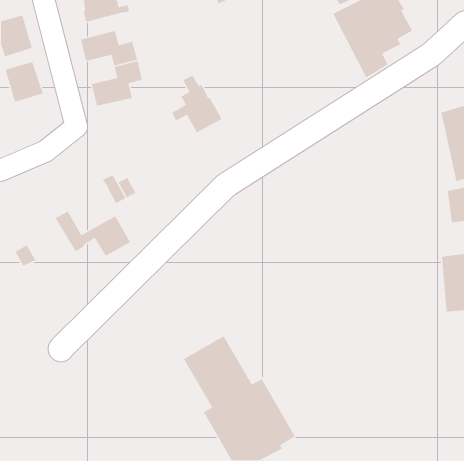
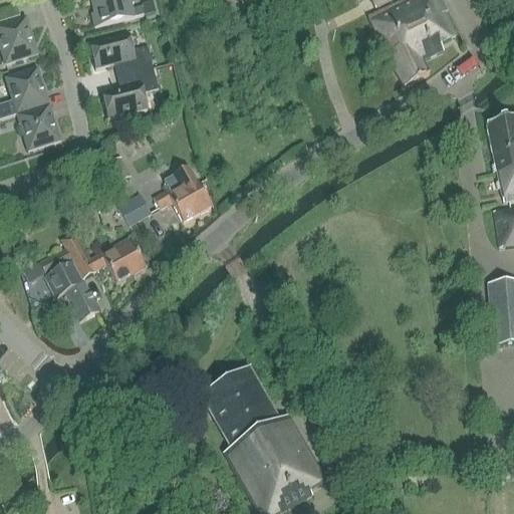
building: [171,74,223,134] -> [155,156,212,221]
building: none -> [17,103,60,150]
building: none -> [40,249,99,319]

